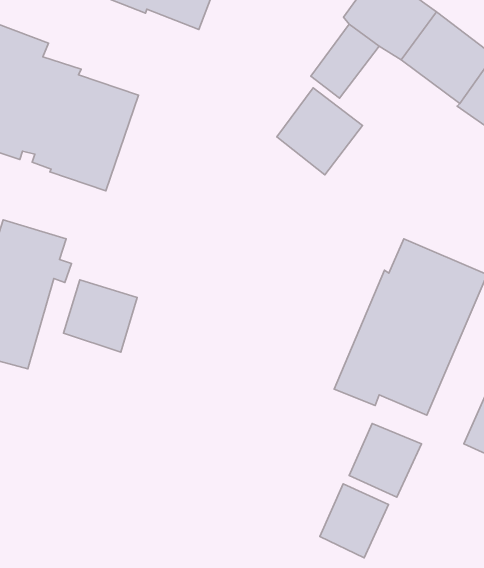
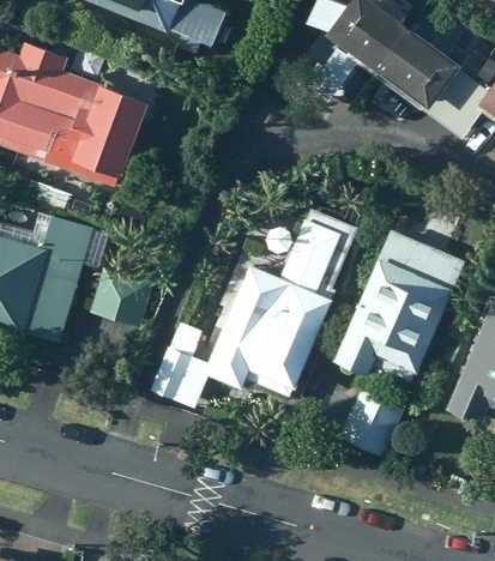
building: [277,88,363,175] -> none
building: none -> [151,209,357,409]
building: [320,484,389,558] -> none

